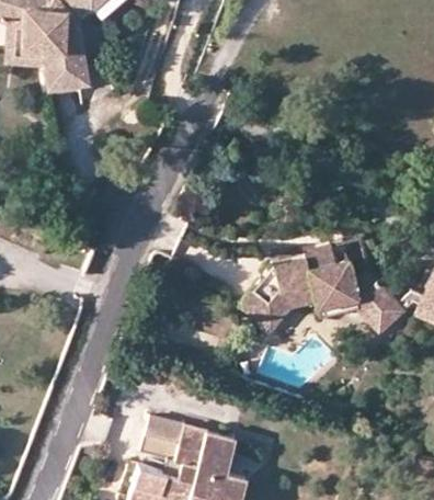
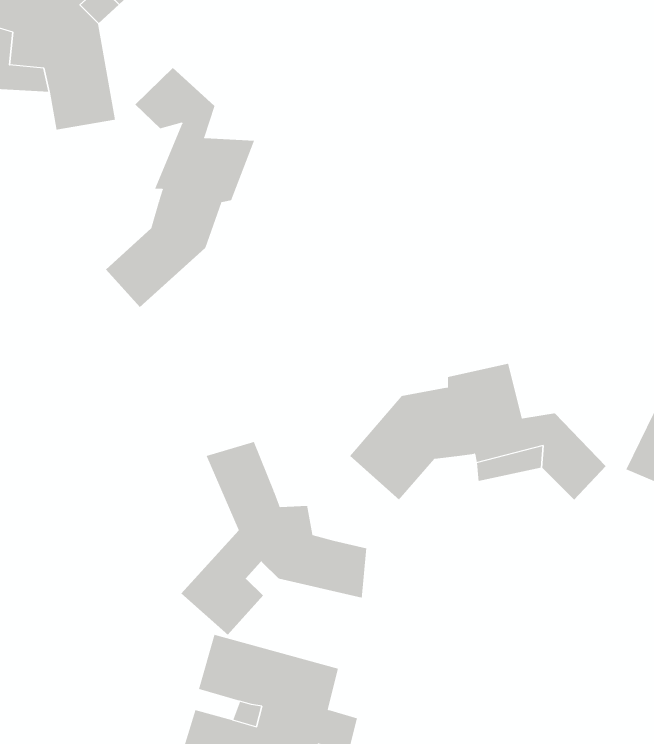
building: none -> [105,67,255,308]
building: none -> [180,441,367,636]

